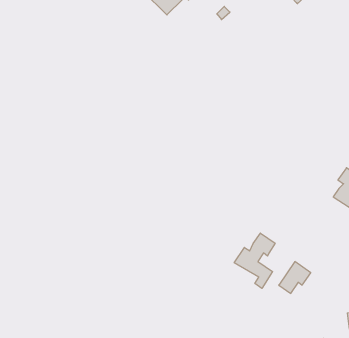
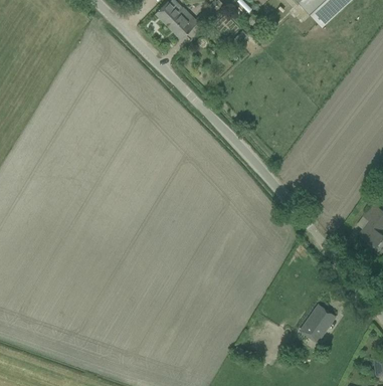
building: [234,233,275,288] -> none

